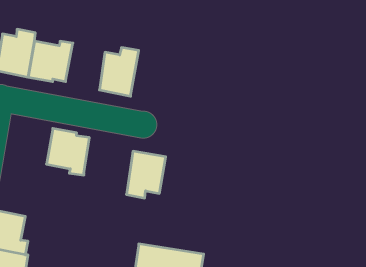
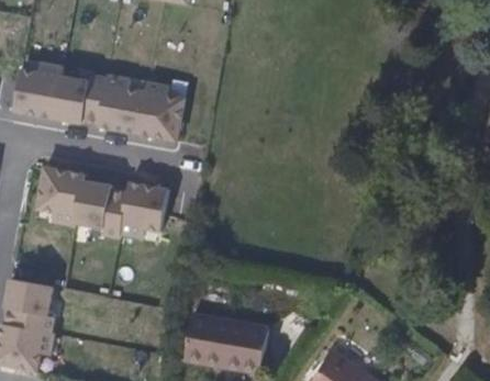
building: none -> [98,72,145,131]
building: none -> [37,164,83,222]
building: [126,151,166,198] -> [120,179,167,235]

